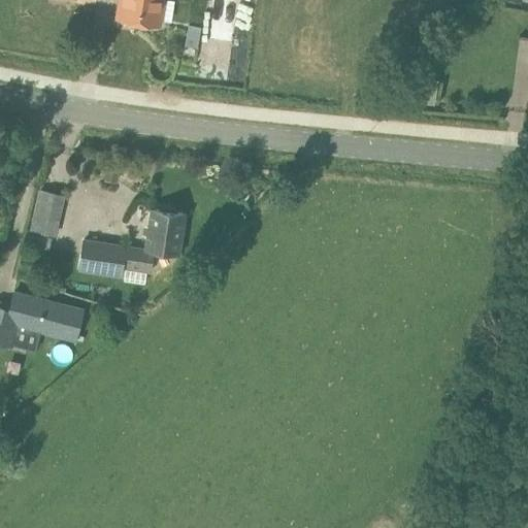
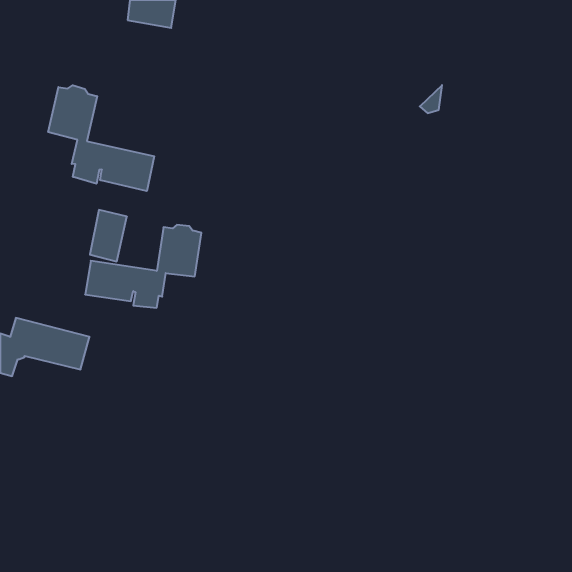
building: none -> [48,85,154,191]
building: [31,190,65,237] -> [90,210,127,261]

